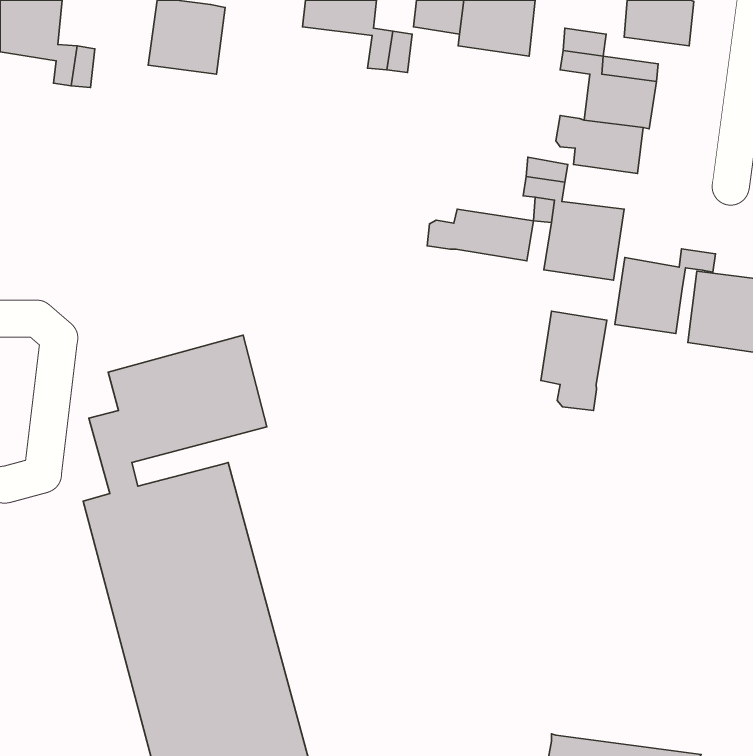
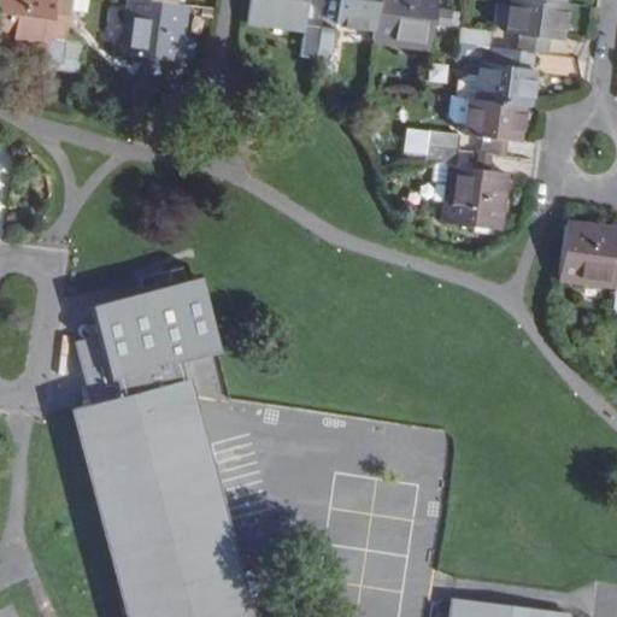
building: [427,209,534,261] -> none
building: [615,249,715,334] -> none
building: [541,311,607,411] -> none

